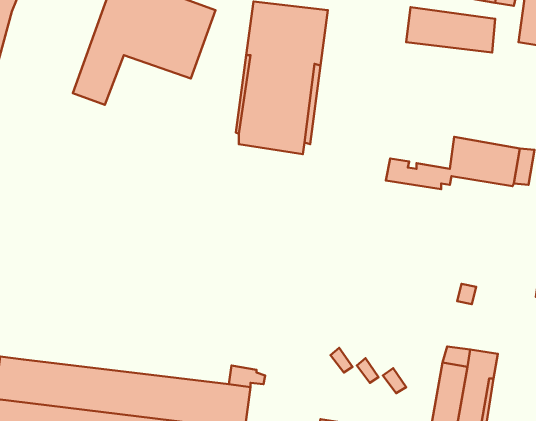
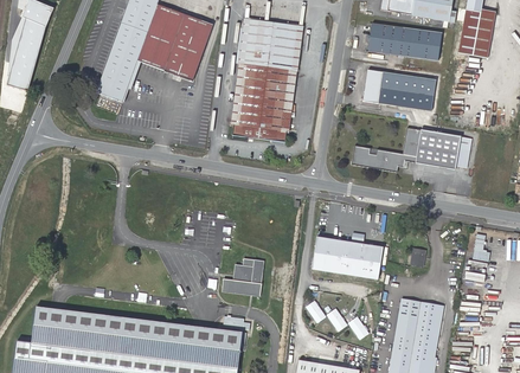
building: none -> [364,70,435,109]
building: none -> [314,234,385,278]
building: none -> [224,258,265,295]

